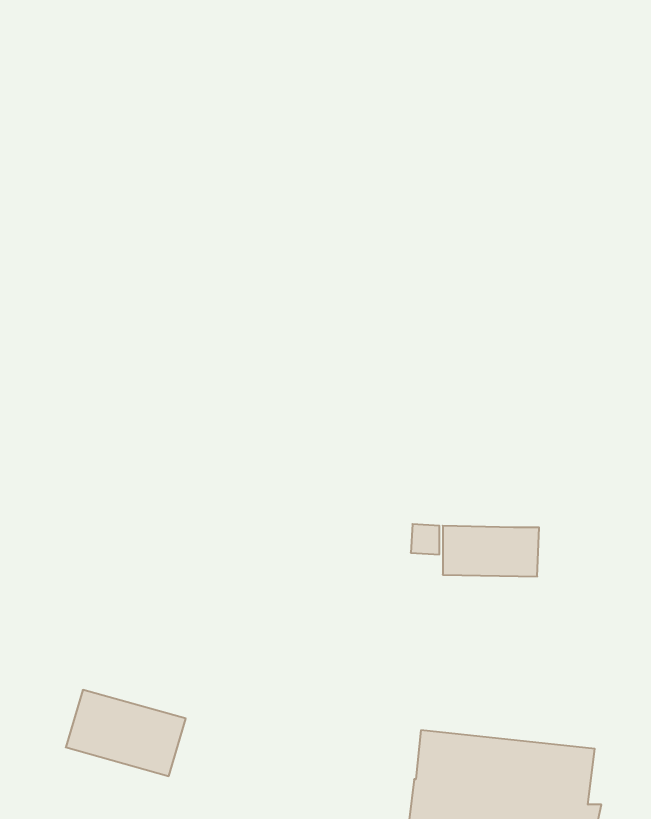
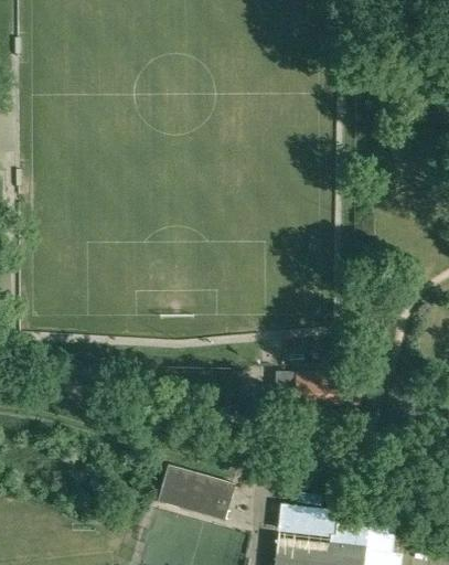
building: [66,690,186,776] -> [158,466,236,522]

